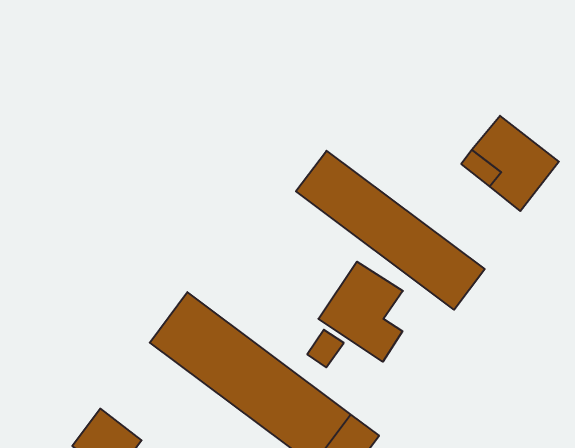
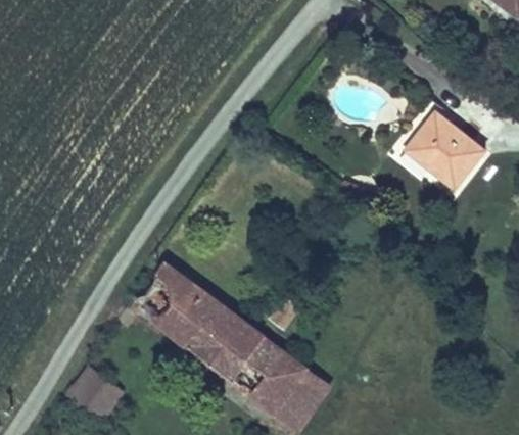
building: [296,151,485,310] -> none
building: [318,262,403,362] -> none

